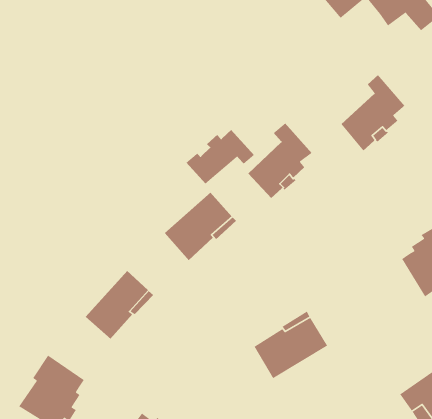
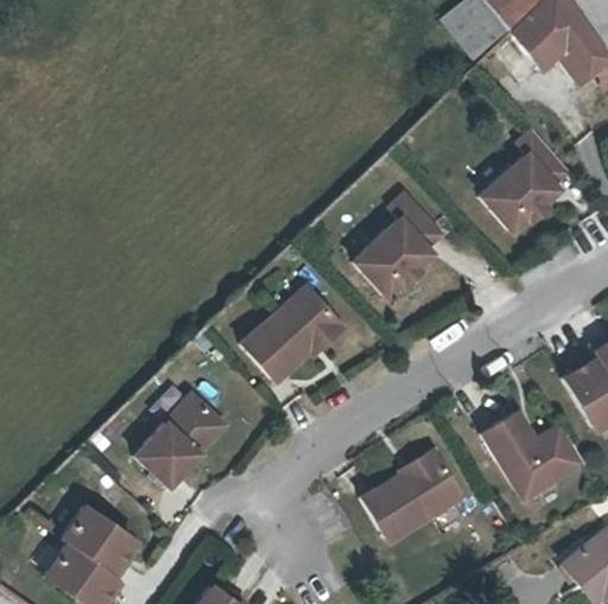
building: [185,129,255,184] -> none
building: none -> [481,412,582,498]

